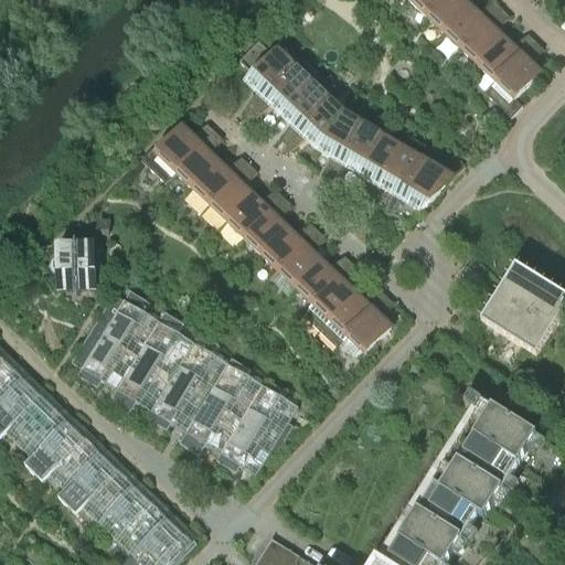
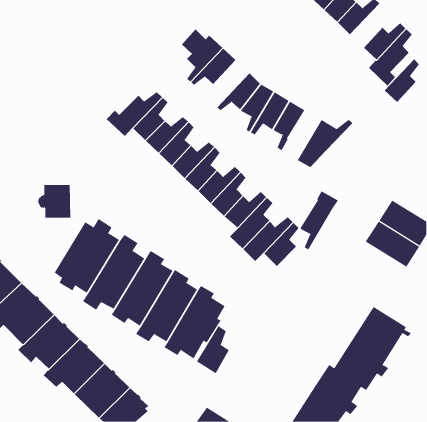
building: [460,4,508,63] -> [384,58,420,103]
building: [279,68,338,141] -> none
building: [379,132,430,211] -> [299,190,339,250]
building: none -> [196,325,230,374]

